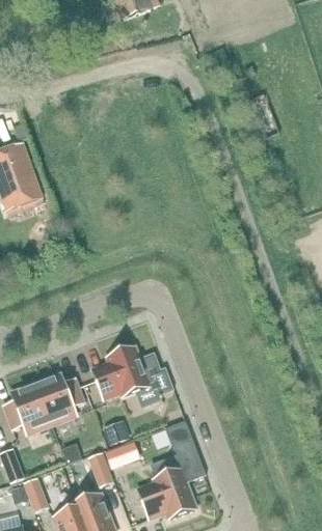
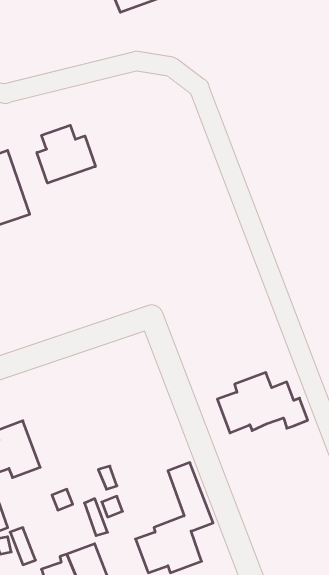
building: none -> [37,125,95,183]
building: [90,345,171,399] -> [217,373,308,433]
building: [35,373,83,424] -> none

